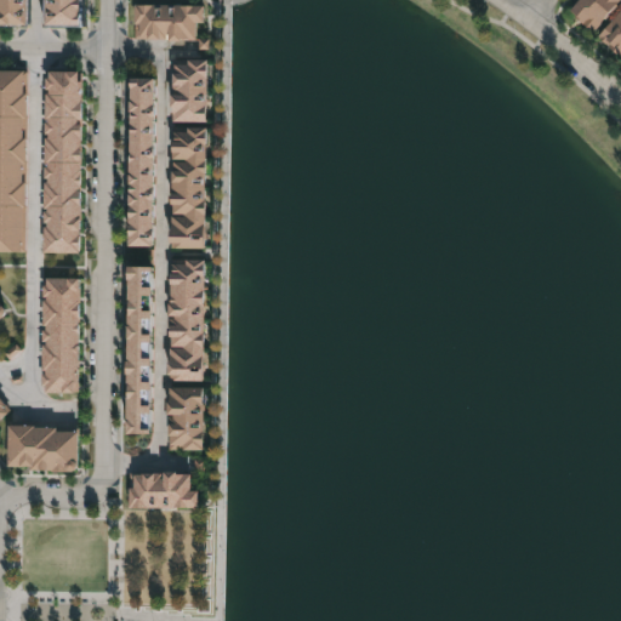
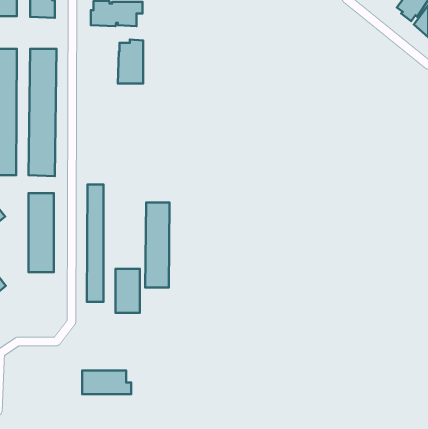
building: [127,76,155,246] -> none
building: [170,126,205,249] -> none
building: [167,258,203,381] -> [145,203,170,288]
building: [8,426,78,469] -> none
building: [126,474,196,508] -> [82,371,131,394]

